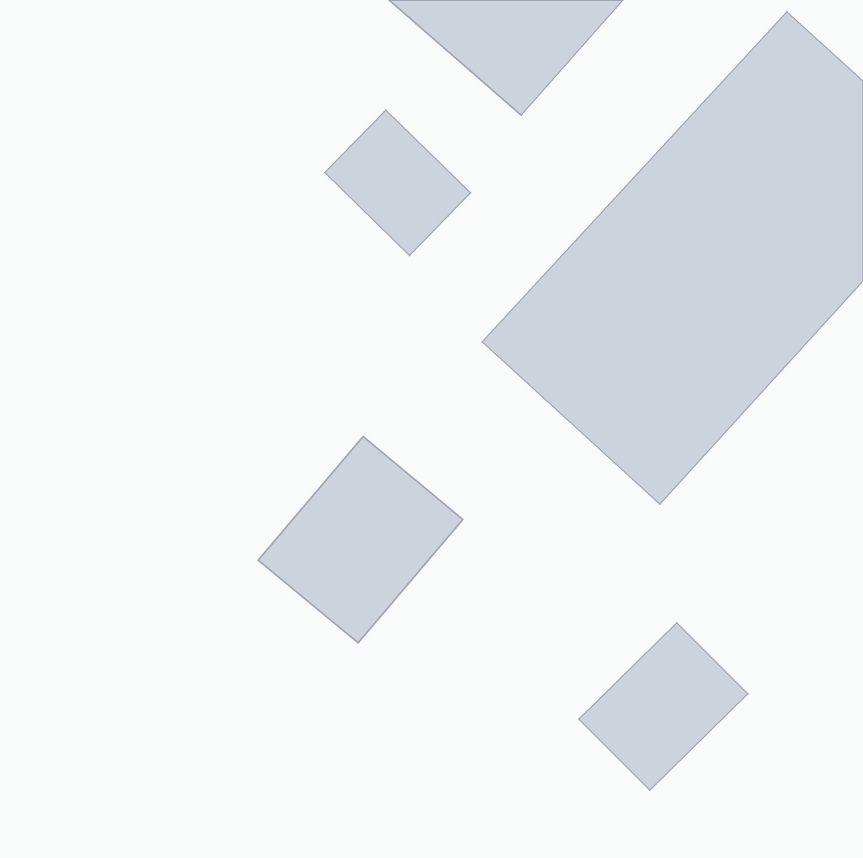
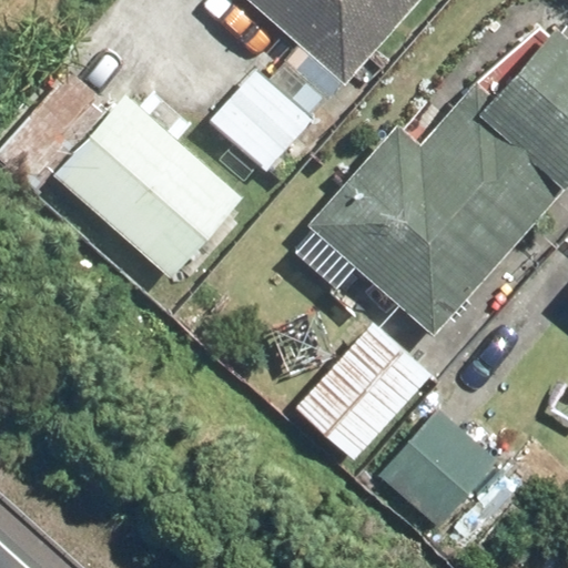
building: none -> [58,97,234,268]
building: [258,436,463,643] -> [297,323,432,458]

